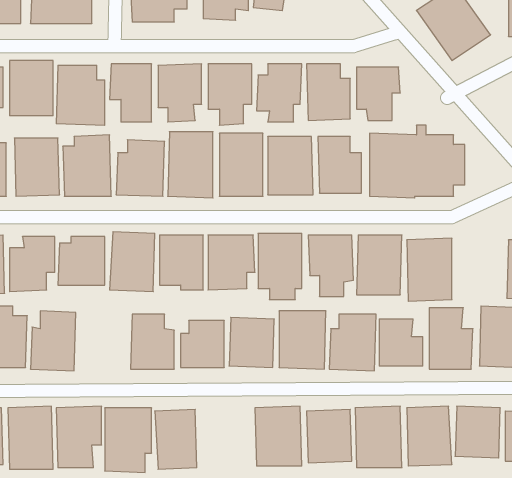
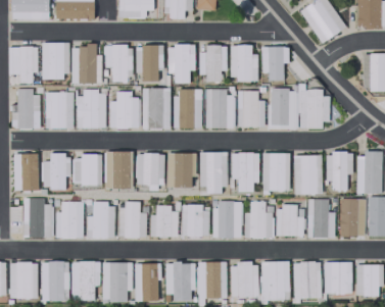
building: none -> [326,152,352,191]
building: none -> [86,203,114,238]
building: none -> [164,262,195,302]

